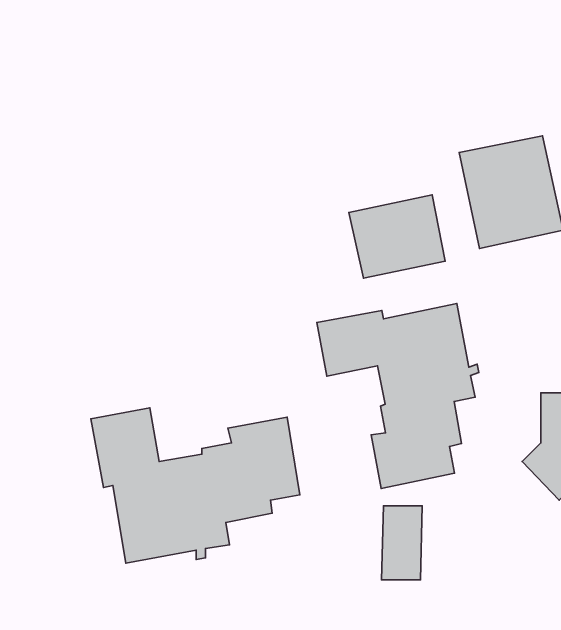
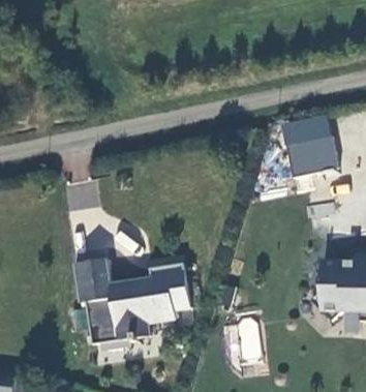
building: [349,195,445,278] -> none
building: [317,304,479,489] -> none

